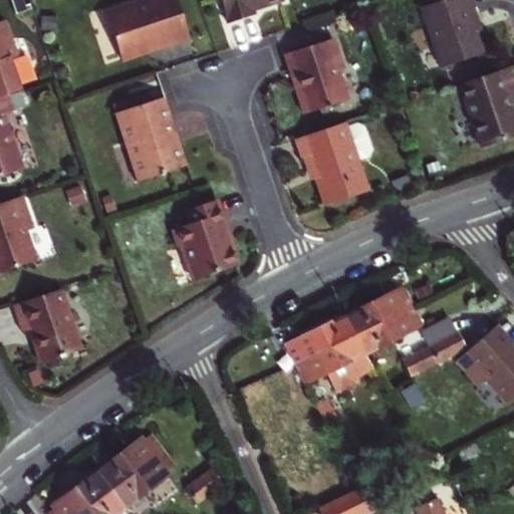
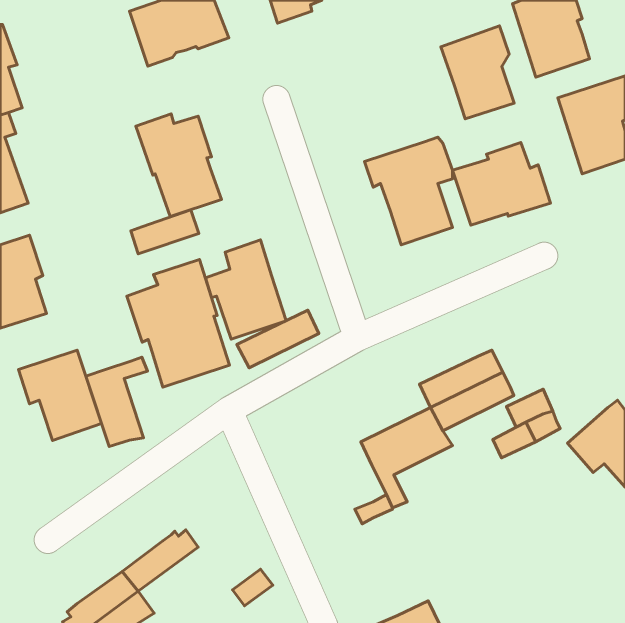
building: [286,33,346,109] -> [441,26,514,119]
building: none -> [453,143,550,225]
building: none -> [131,210,199,254]
building: none -> [127,259,230,387]
building: none -> [86,357,147,446]
building: [286,317,353,364] -> [237,310,319,368]
building: [113,451,173,505] -> none

